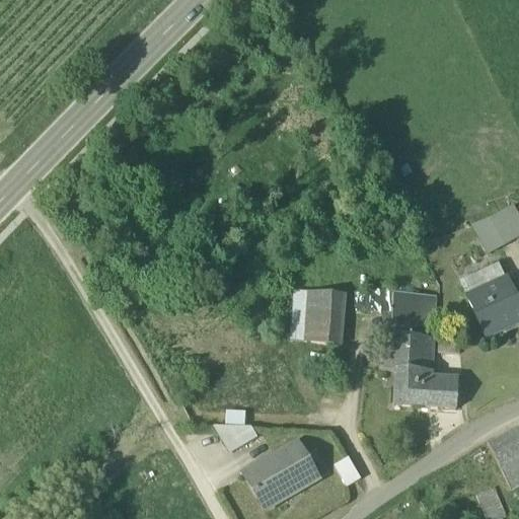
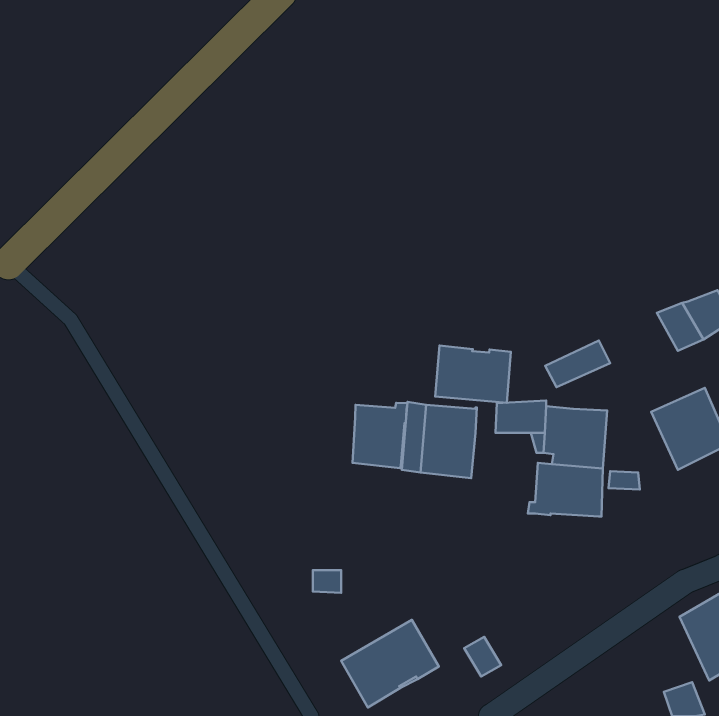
building: none -> [435,346,511,403]
building: [461,262,508,295] -> [545,340,610,387]
building: none -> [352,403,408,468]
building: [395,368,460,406] -> none
building: [219,425,258,451] -> none

